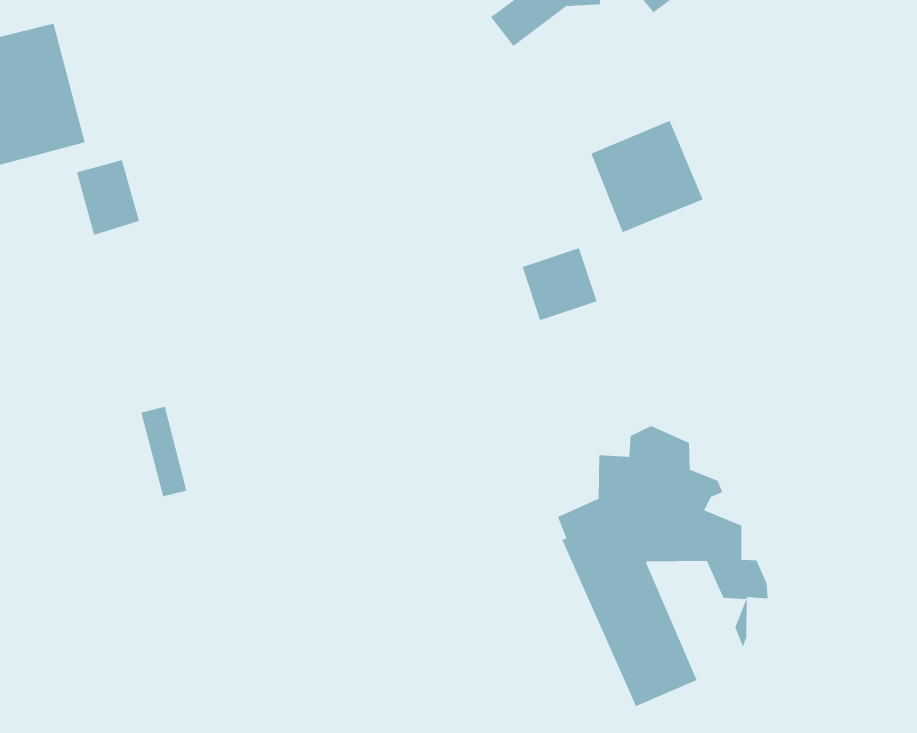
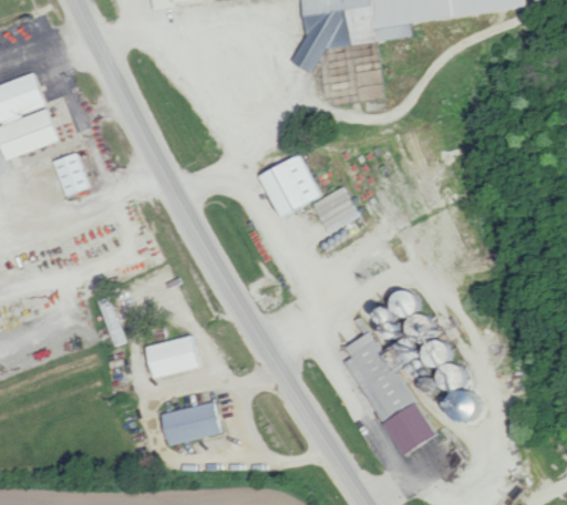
building: [590,120,703,233] -> [258,151,326,218]
building: none -> [143,333,204,378]
building: none -> [158,400,226,445]

